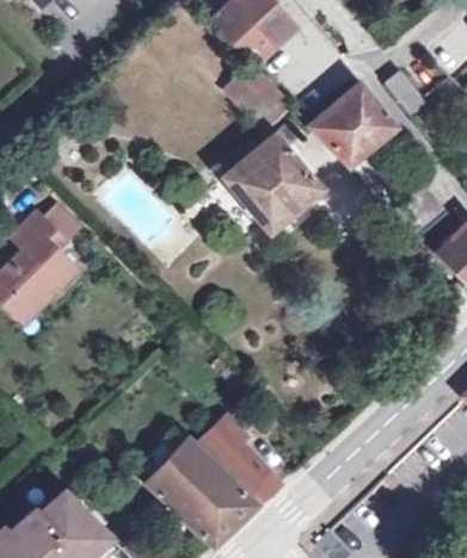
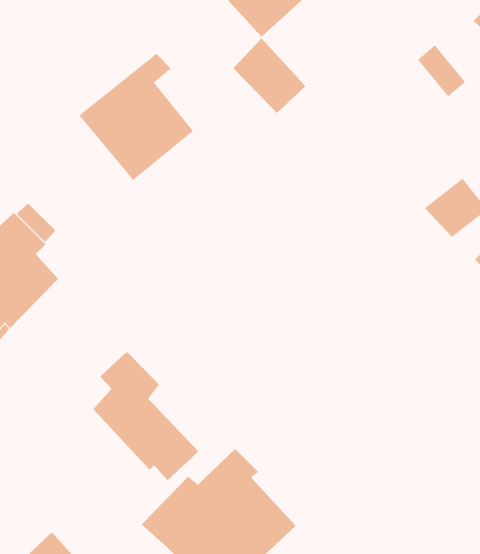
building: [307,82,397,166] -> none
building: [222,122,321,231] -> [79,53,194,181]
building: none -> [92,352,199,481]

